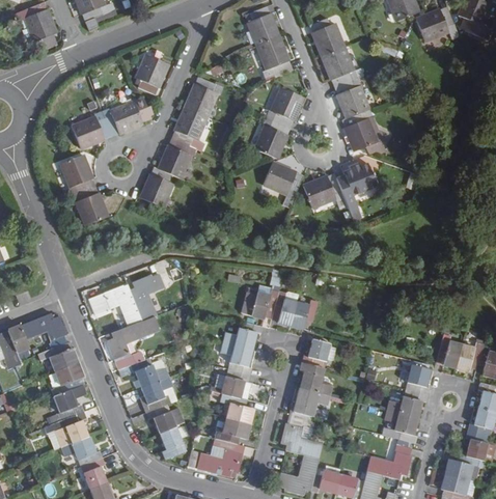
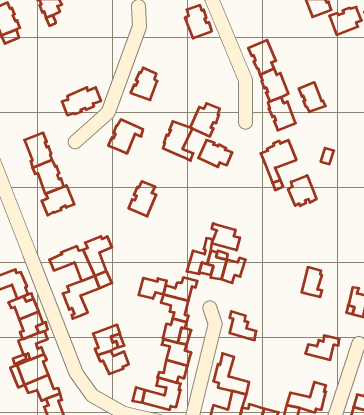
building: [311,18,343,56] -> none
building: [257,36,291,77] -> none
building: [137,55,168,94] -> none
building: [271,87,303,127] -> none
building: none -> [299,82,326,112]
building: [173,108,209,154] -> [163,121,193,161]
building: [72,117,111,148] -> none
building: [140,168,172,209] -> [129,181,156,216]
building: [303,174,341,207] -> none
building: none -> [288,175,316,206]
building: none -> [42,185,74,215]
building: none -> [212,223,240,250]
building: none -> [139,278,167,299]
building: [302,339,329,368] -> none
building: [128,360,169,388] -> none
building: [406,360,430,394] -> [302,267,322,297]
building: [290,387,329,415] -> none
building: [385,411,418,443] -> none
building: [160,428,186,460] -> none

